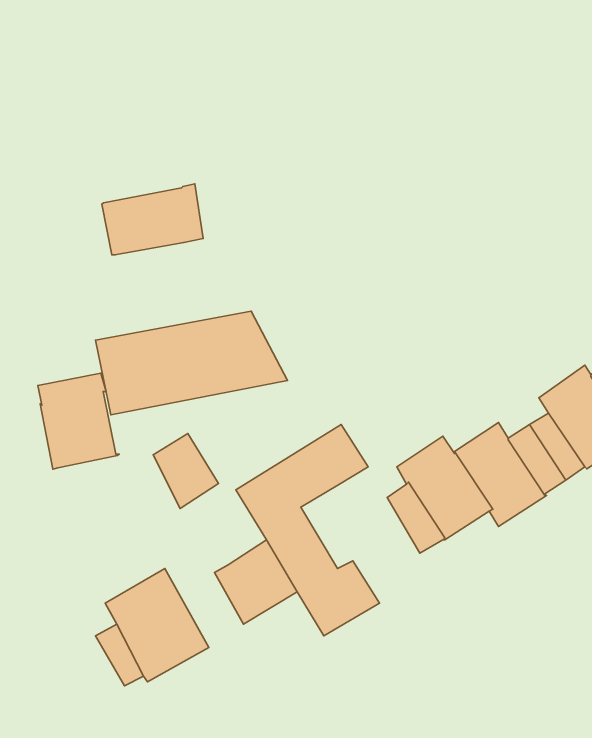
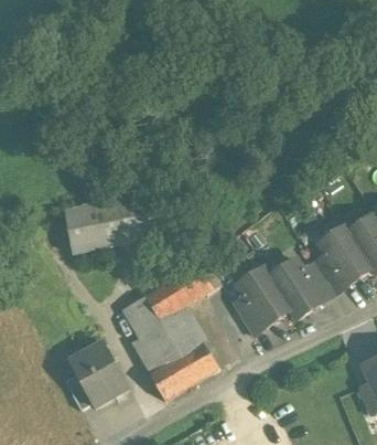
building: [102,184,203,255] -> none
building: [38,373,119,469] -> none
building: [153,434,218,509] -> [125,296,162,339]
building: none -> [149,354,195,399]

